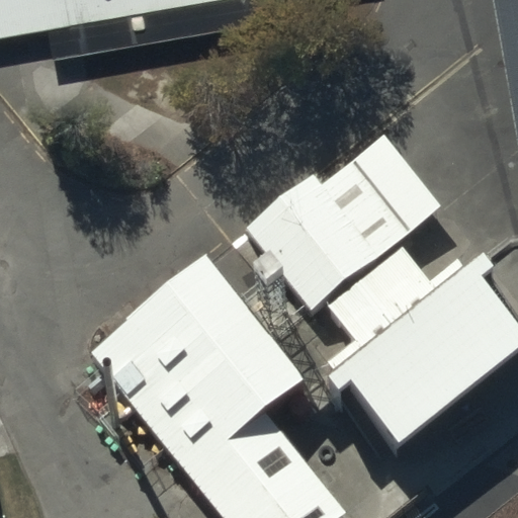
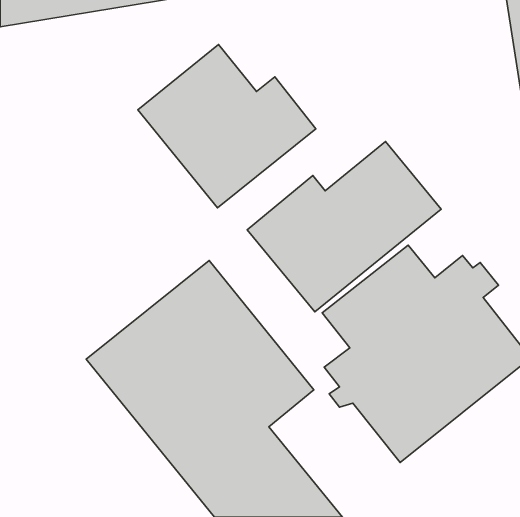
building: none -> [138,45,316,208]

